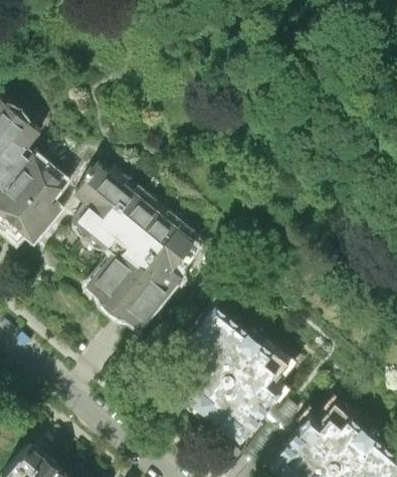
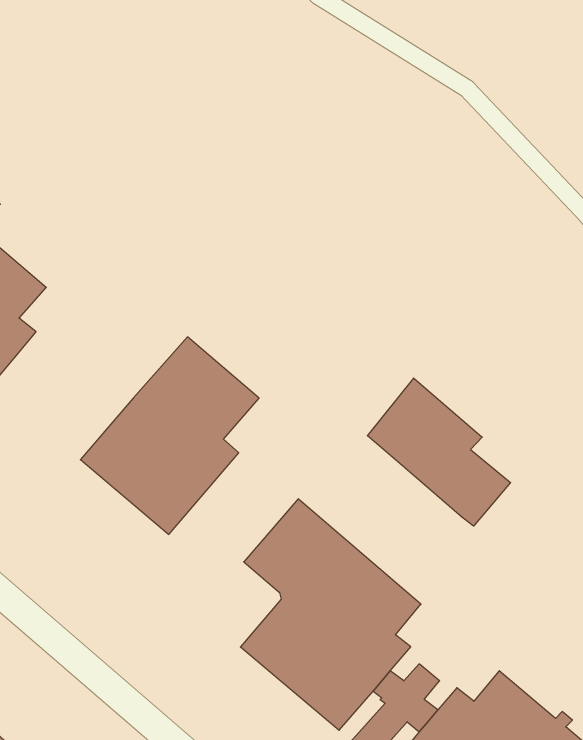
building: [73,166,151,248] -> none
building: none -> [367,378,511,526]

